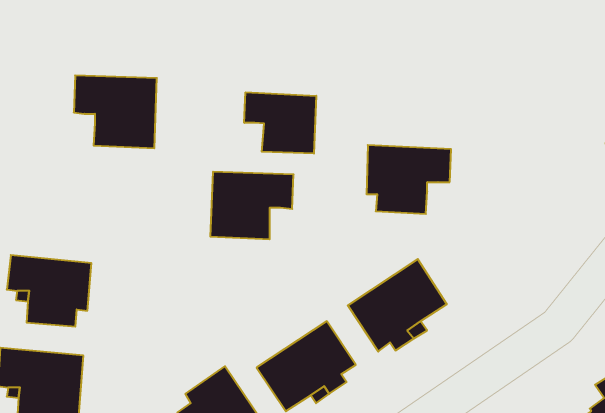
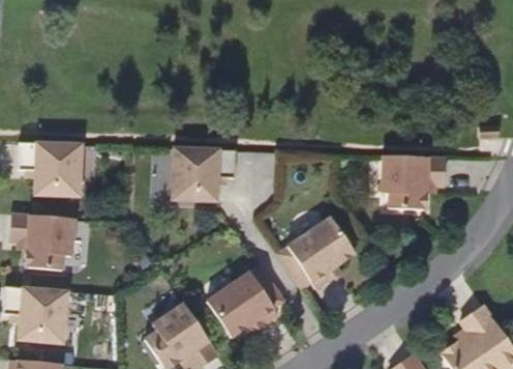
building: [74,75,157,148] -> [19,142,84,199]
building: [244,92,316,154] -> none
building: [366,145,451,214] -> [378,155,444,209]

